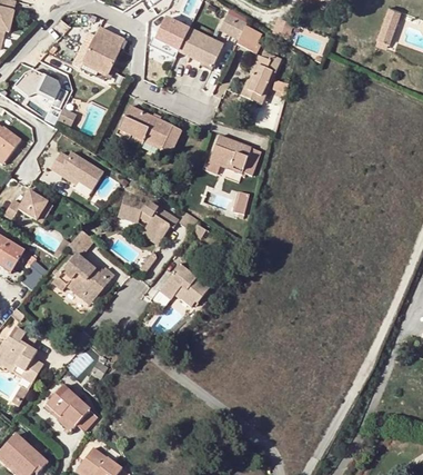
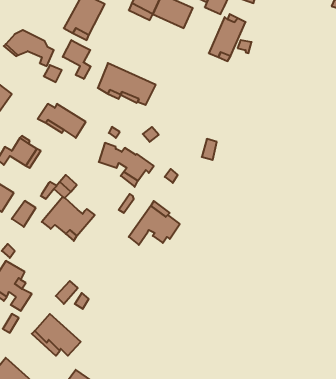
building: none -> [63,40,91,79]
building: [205,135,260,175] -> none

